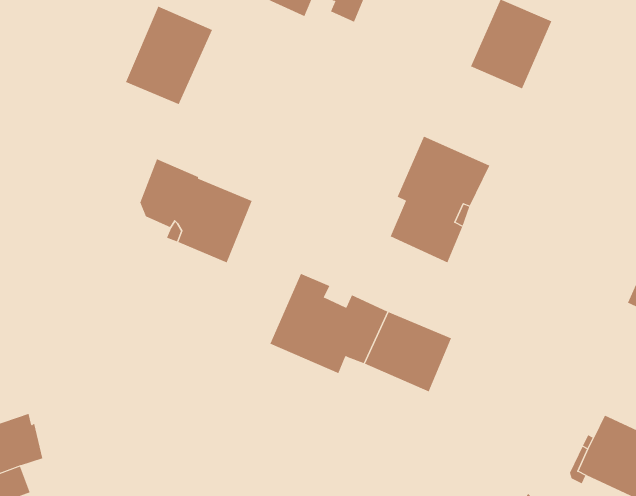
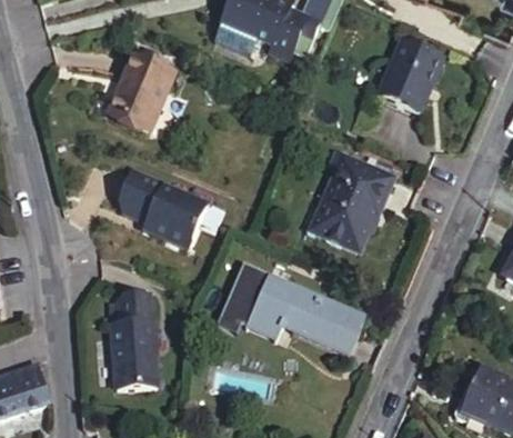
building: none -> [118,287,165,382]

